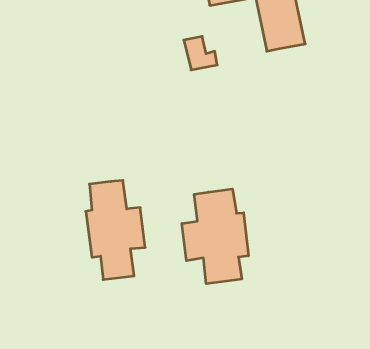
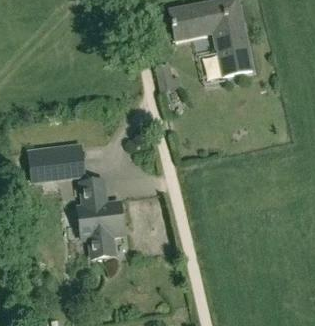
building: none -> [24,146,78,178]
building: [182,189,248,284] -> none

